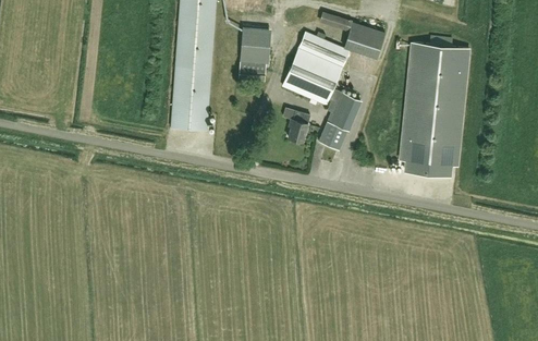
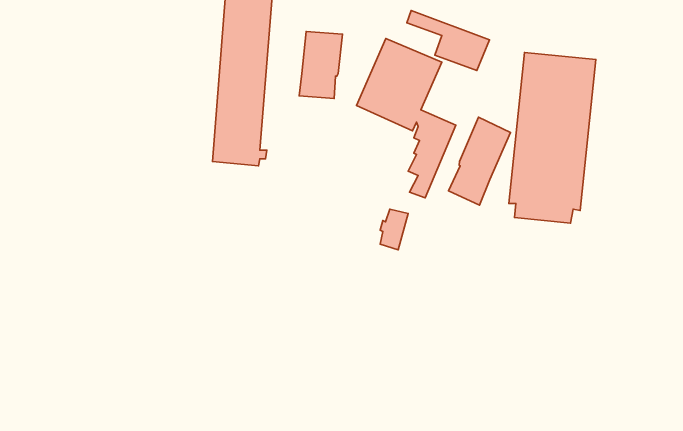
building: none -> [449,117,510,205]
building: [288,111,309,143] -> [380,209,408,250]

